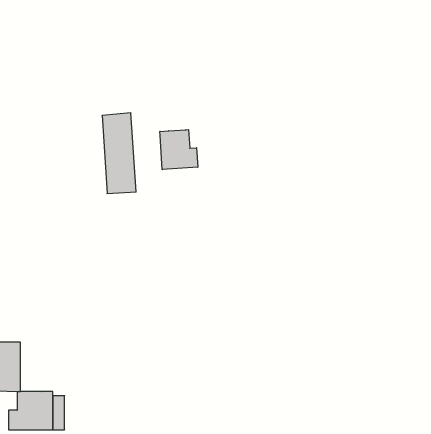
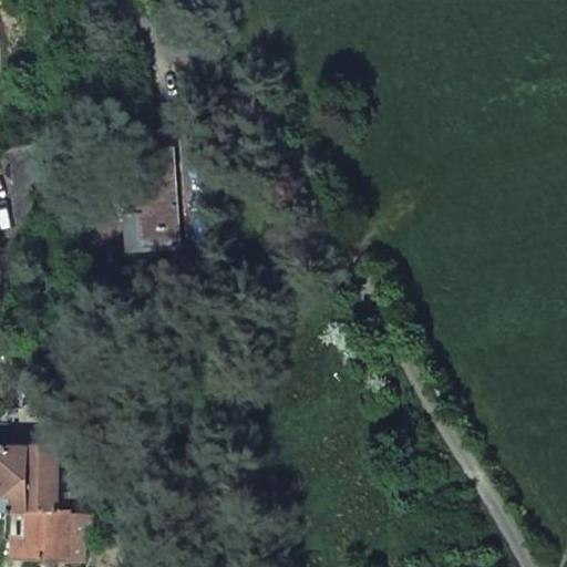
building: [160,130,198,170] -> none
building: none -> [27,446,54,511]

